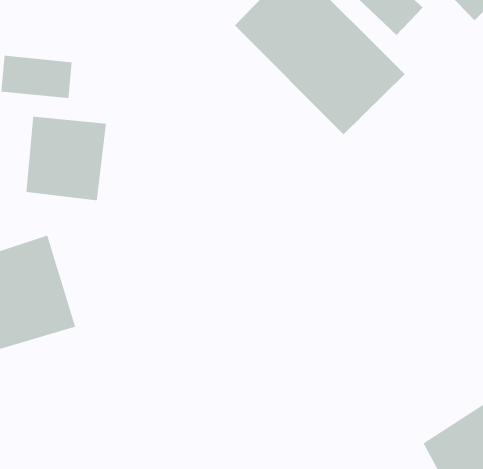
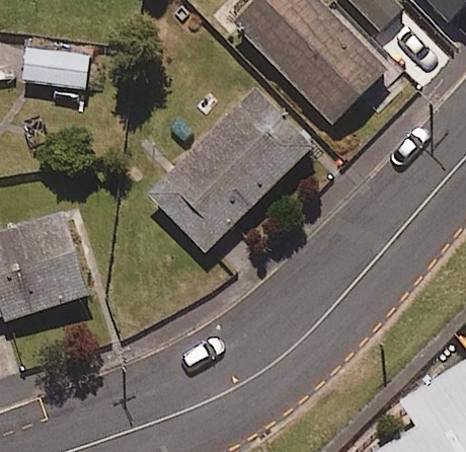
building: none -> [150,88,311,251]
building: [26,116,107,201] -> none

